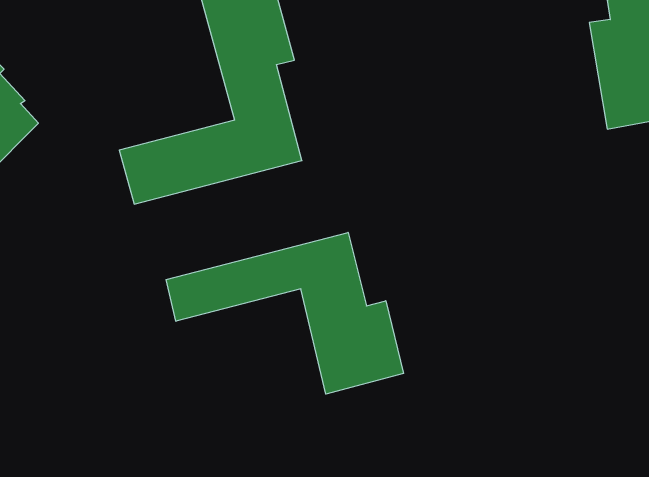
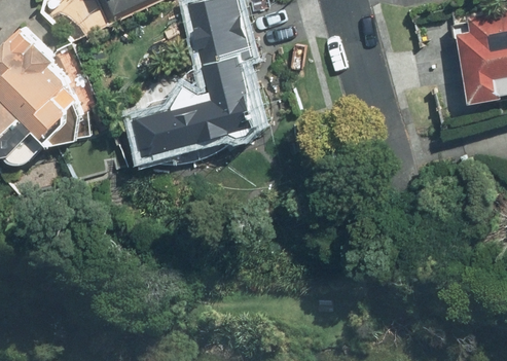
building: [166,232,403,394] -> none

